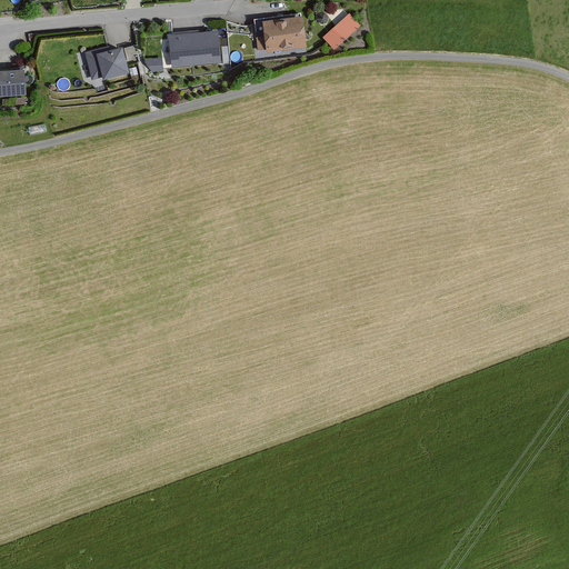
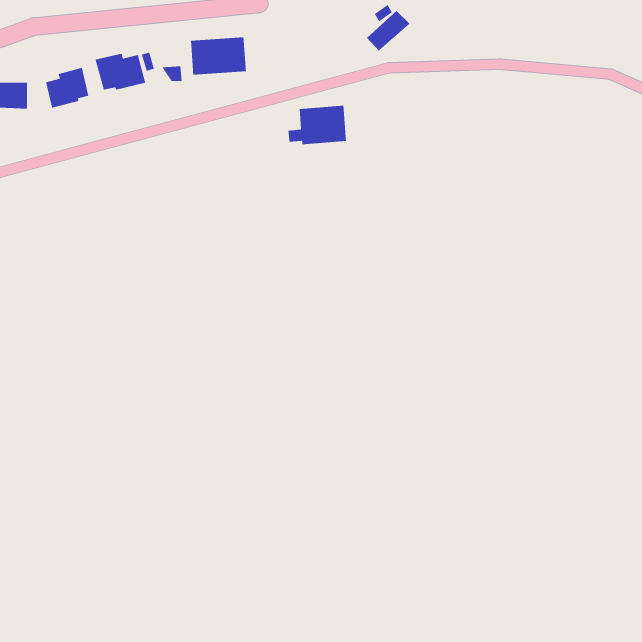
building: [253,18,306,53] -> [288,105,347,145]
building: none -> [45,67,89,108]

